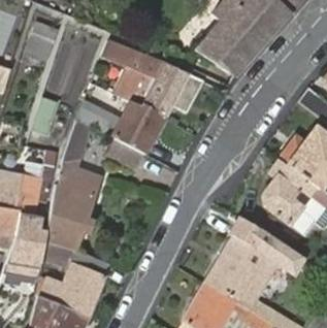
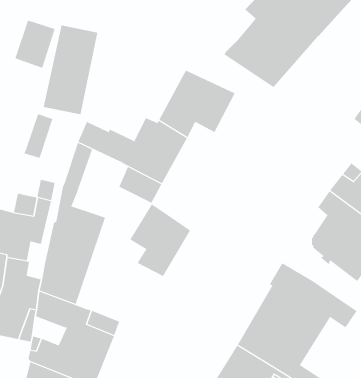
building: [103,39,164,104] -> none
building: none -> [130,203,191,277]

